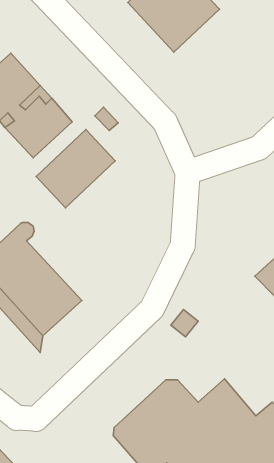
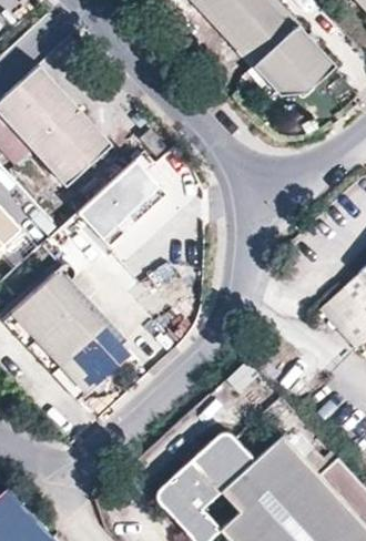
building: none -> [228,14,334,108]

